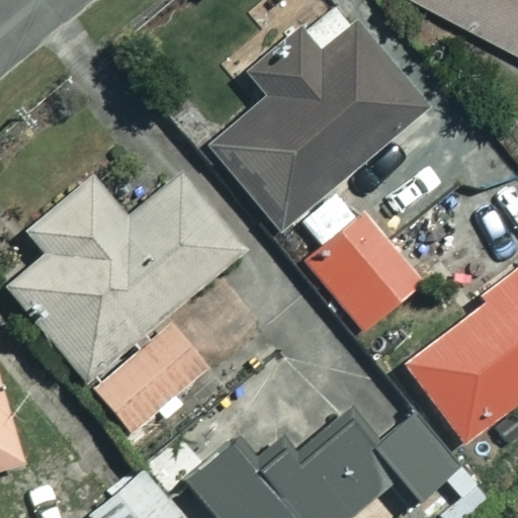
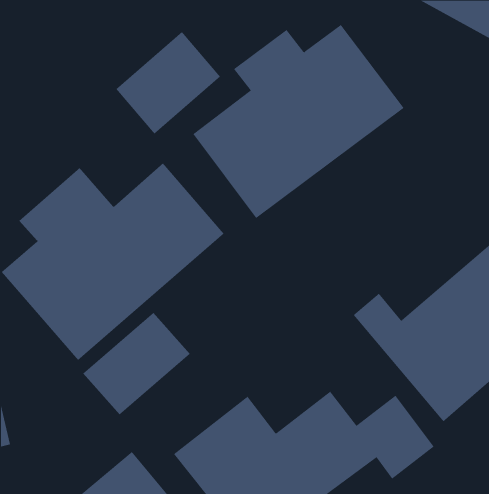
building: none -> [116,31,221,134]
building: [305,198,425,329] -> none

